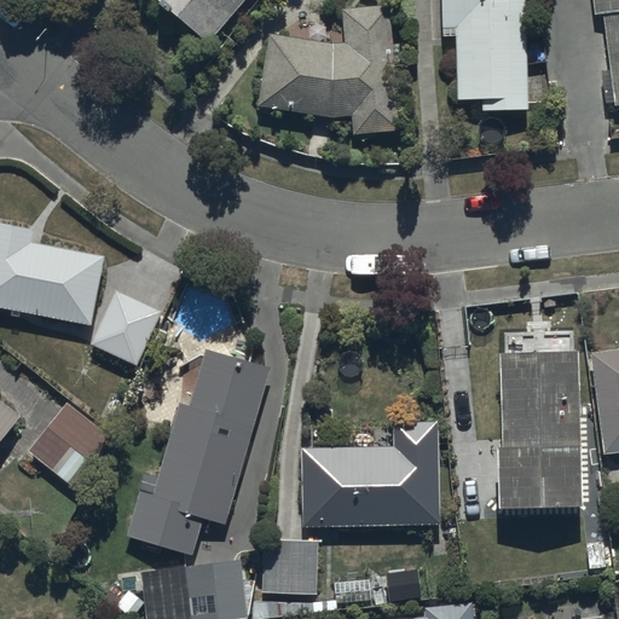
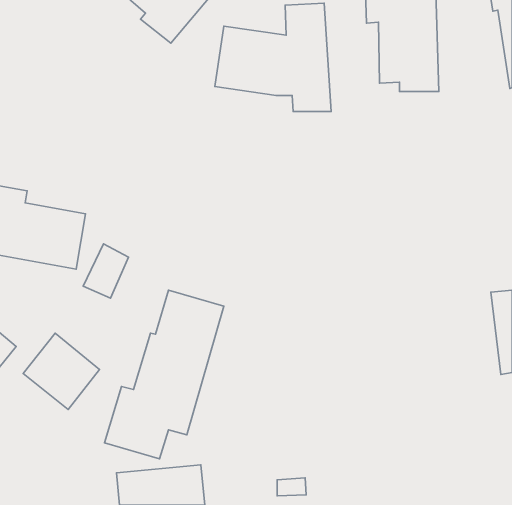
building: [499,348,584,516] -> none
building: [302,428,439,526] -> none
building: [260,537,318,595] -> none

